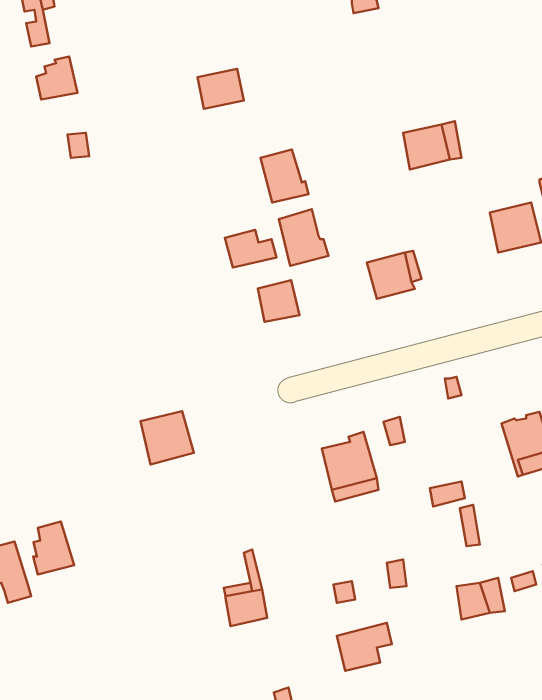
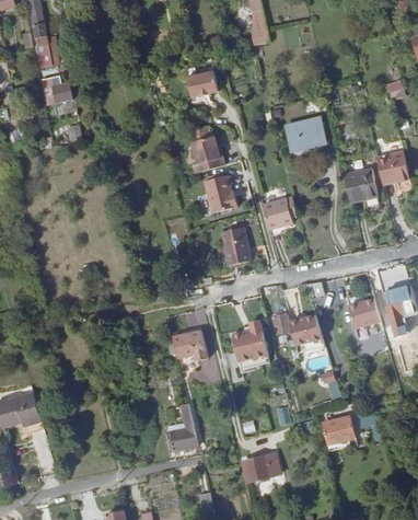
building: [197,69,244,109] -> [186,71,217,97]
building: [225,230,276,268] -> none
building: [258,280,299,322] -> [223,234,251,262]
building: [141,411,194,464] -> [173,328,208,363]
building: none -> [289,312,323,349]
building: [33,521,74,575] -> none

